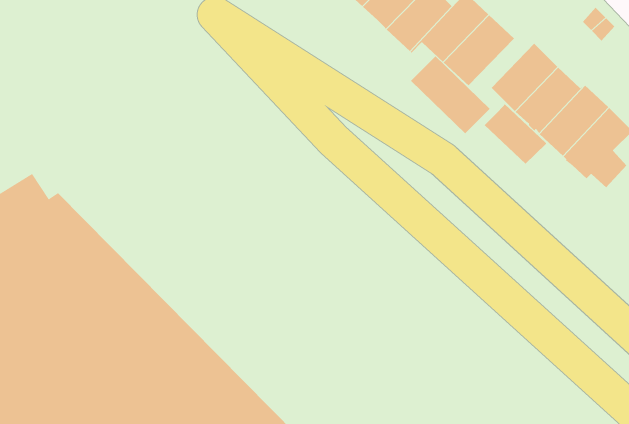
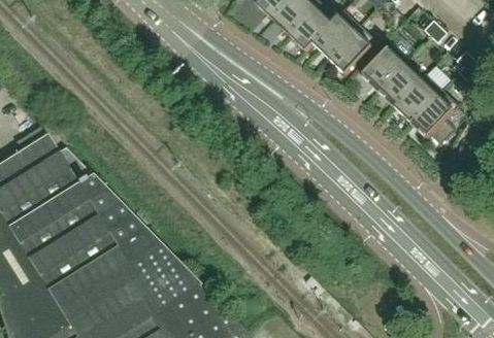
building: [410,56,491,134] -> none
building: [484,104,547,164] -> none

